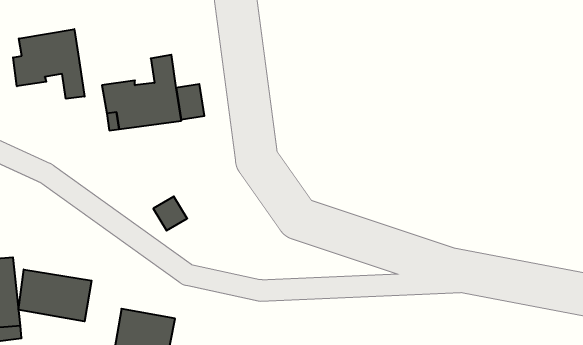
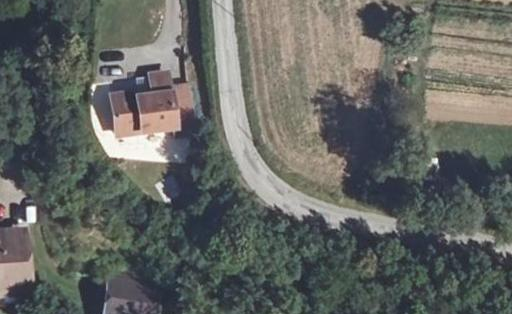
building: [13,29,85,99] -> none
building: [19,269,92,321] -> none

